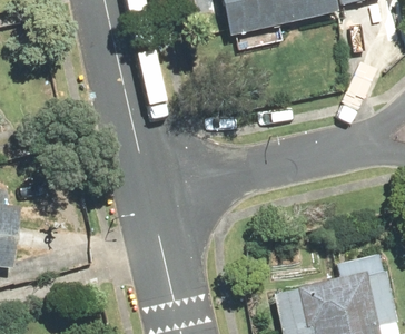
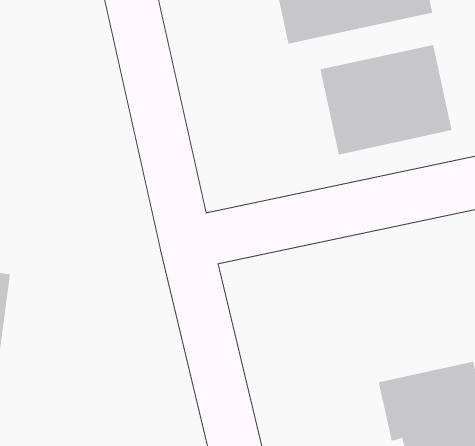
building: none -> [319,44,453,155]

